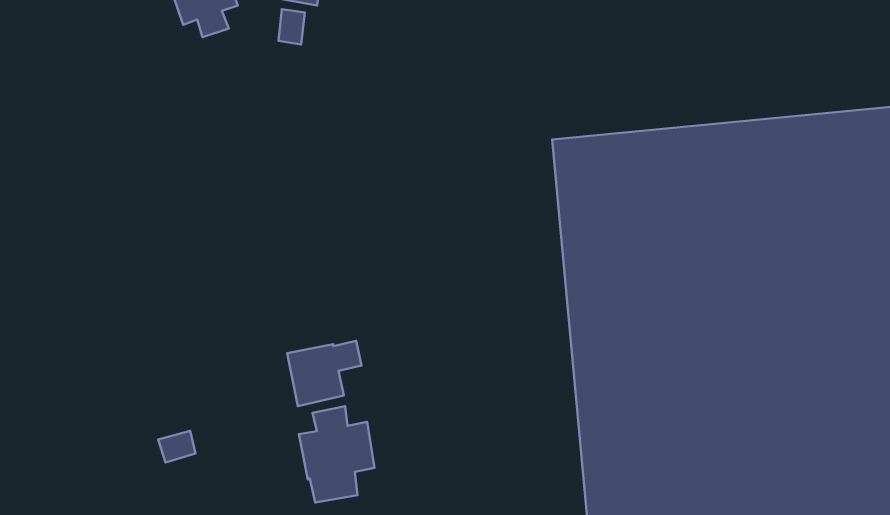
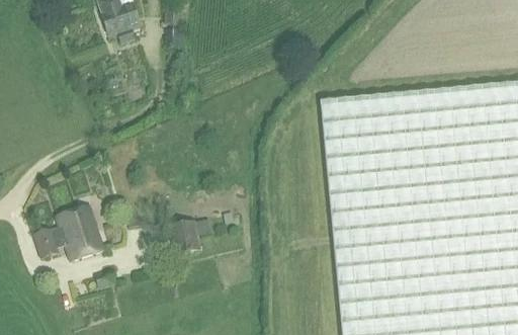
building: none -> [32,204,104,260]
building: [299,406,374,502] -> none

